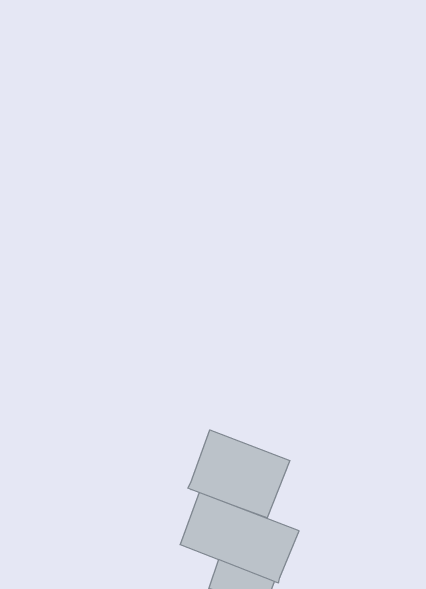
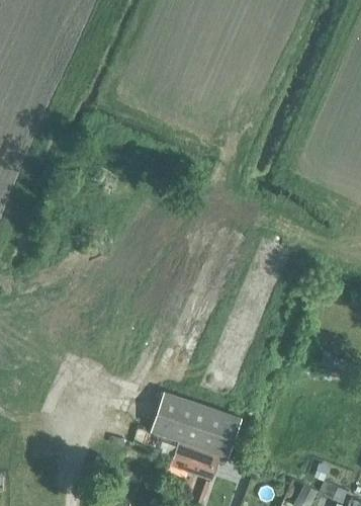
building: [188,430,290,518] -> none

